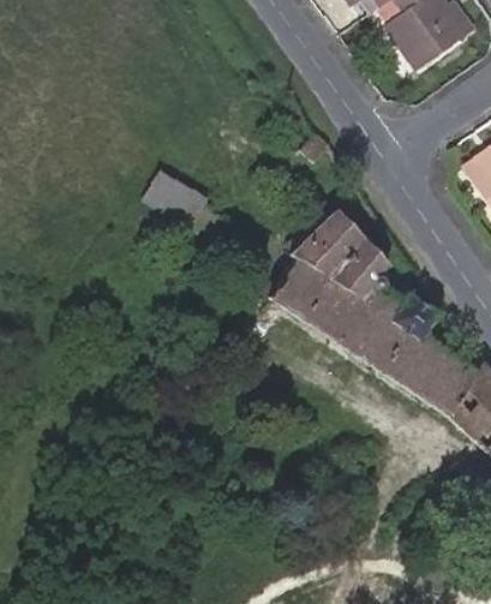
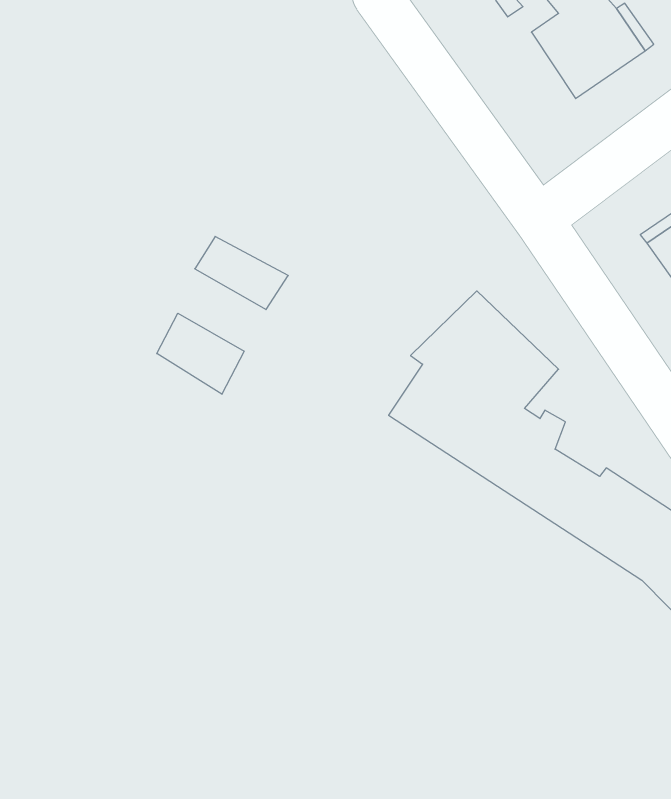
building: none -> [157,313,244,394]

